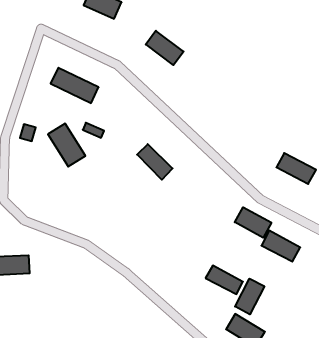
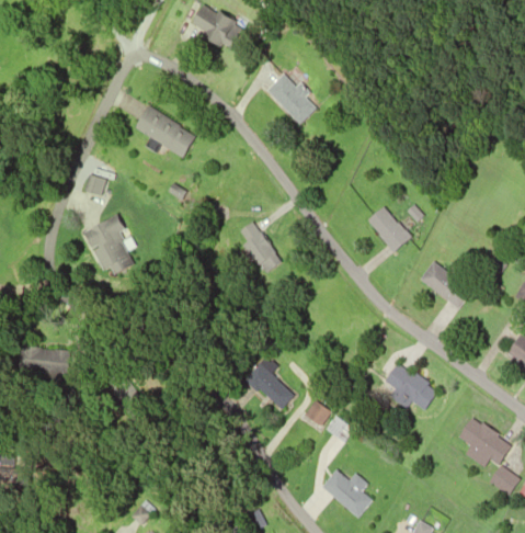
building: none -> [366,206,410,251]
building: [48,124,85,167] -> [88,216,134,274]
building: [235,207,271,238] -> none
building: none -> [246,363,290,407]
building: [235,279,264,314] -> none

